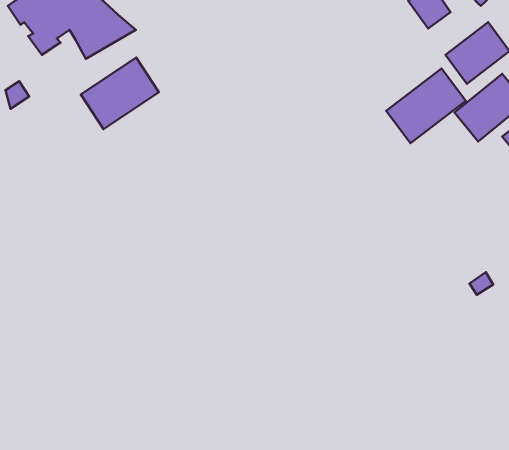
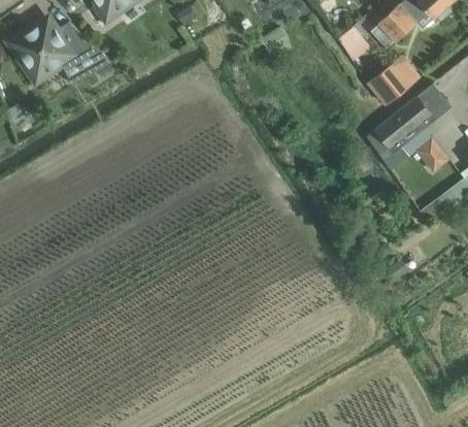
building: [81,57,159,129] -> none
building: [386,69,466,143] -> none

